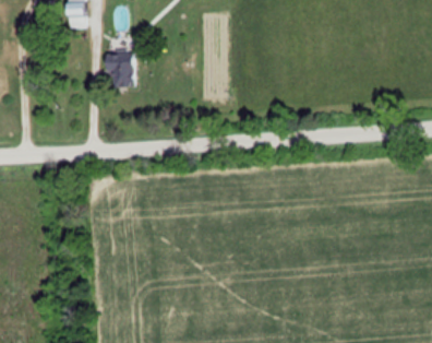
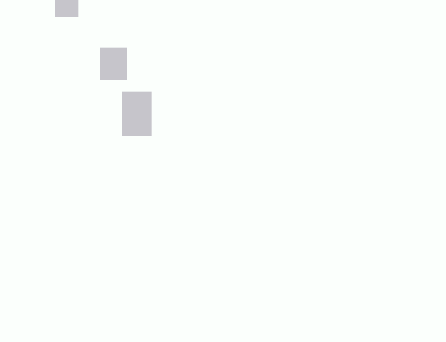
building: none -> [121,91,152,137]

